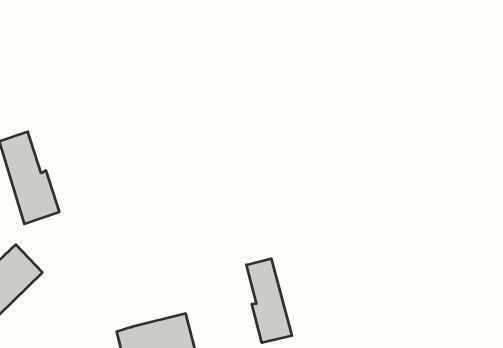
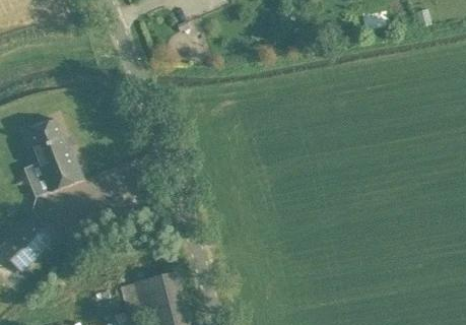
building: [246,259,292,343] -> none

